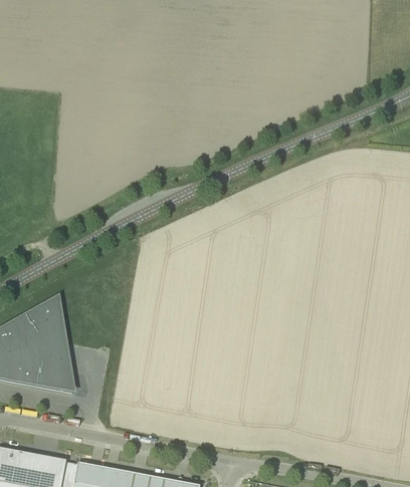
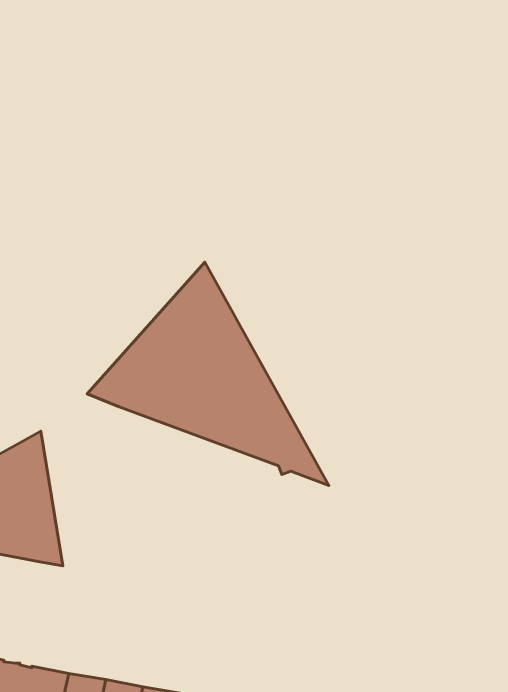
building: none -> [87,262,329,485]

